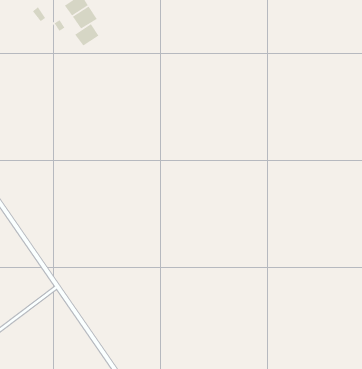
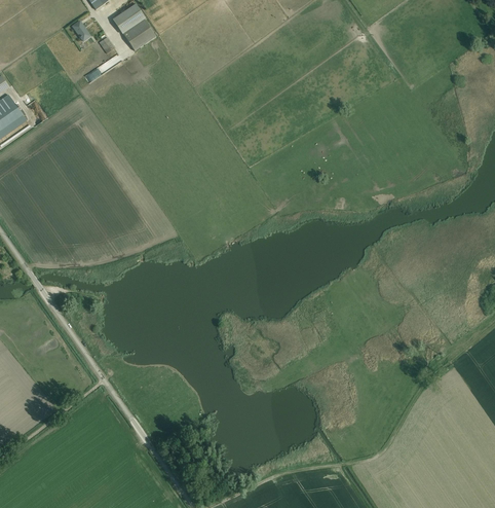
building: [74,23,100,47] -> none

